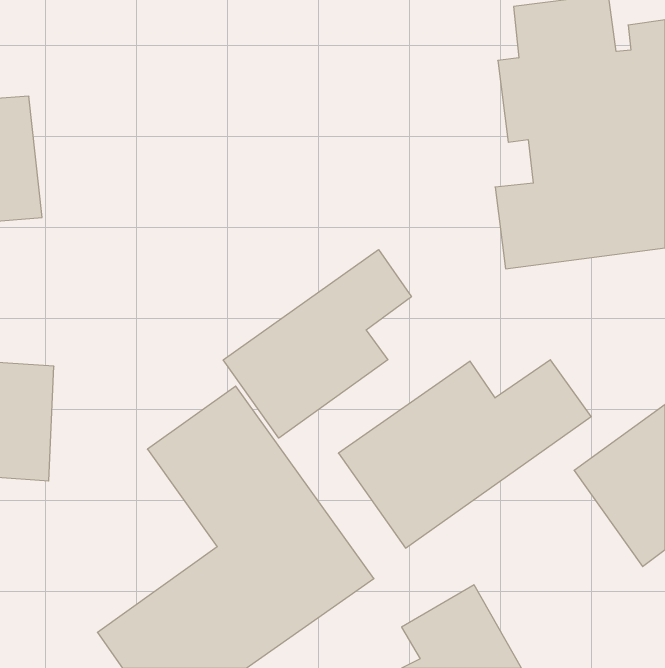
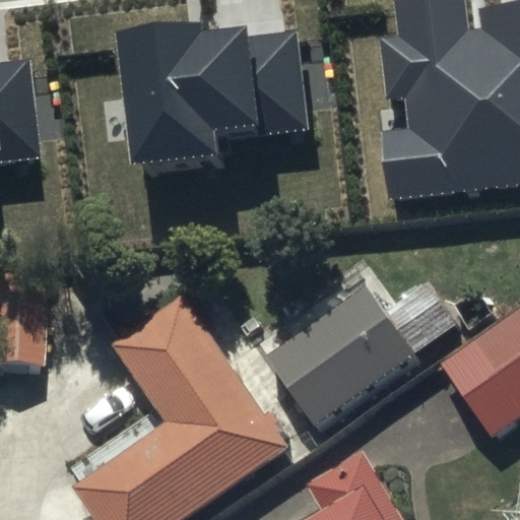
building: none -> [127,43,312,190]
building: [223,250,411,438] -> none

